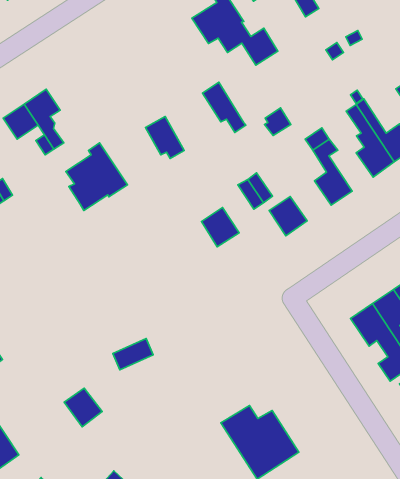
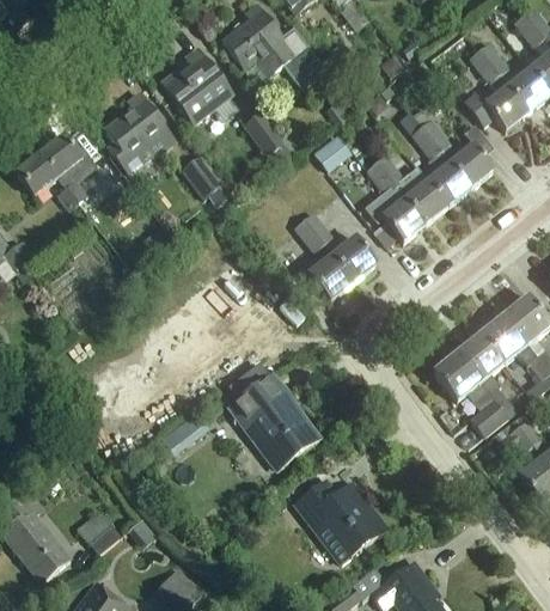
building: none -> [164,48,232,124]
building: [66,143,128,211] -> [104,93,176,172]
building: none -> [393,178,446,224]
building: [201,207,239,247] -> [307,253,352,299]
building: none -> [228,374,317,469]
building: [64,388,102,427] -> [75,509,120,554]

